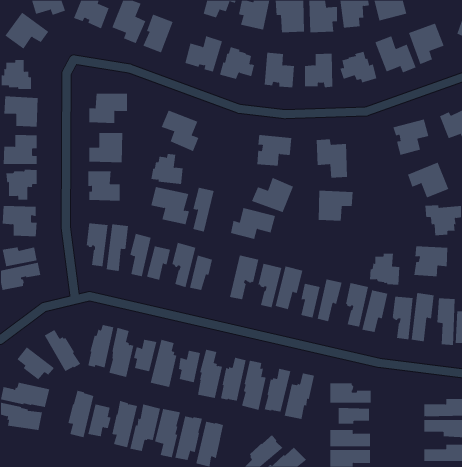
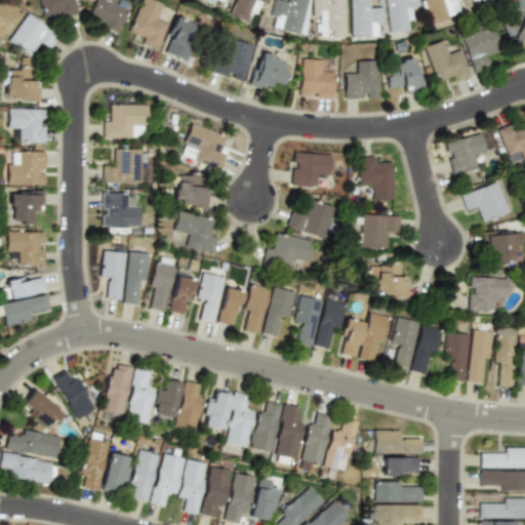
building: [193,187,215,232] -> [245,284,270,334]
building: [369,253,400,285] -> [375,261,410,297]
building: none -> [252,486,281,520]

